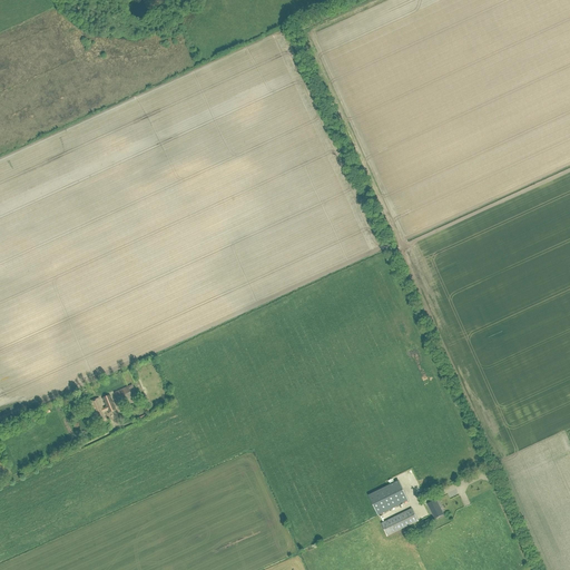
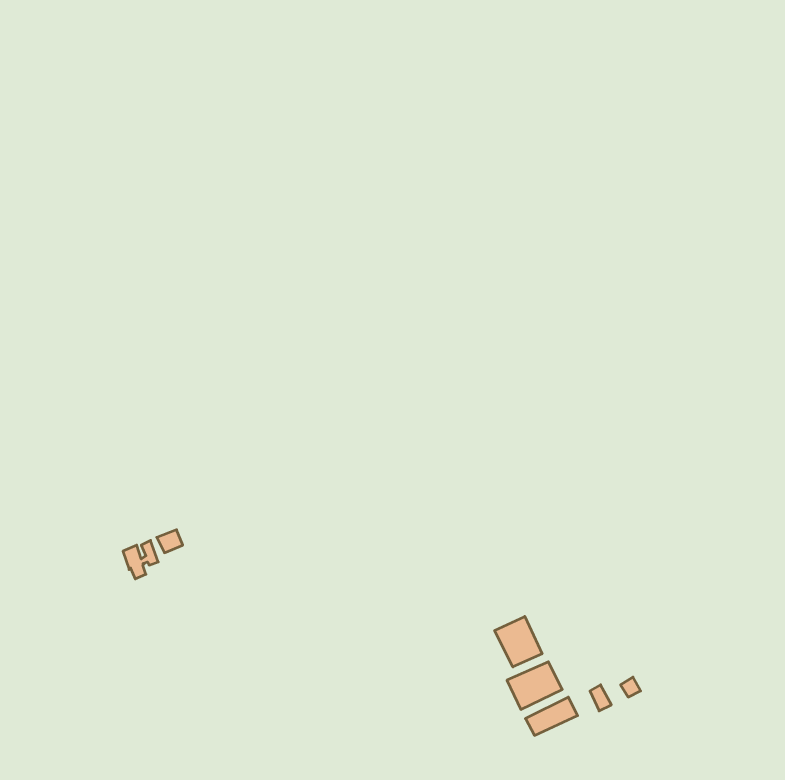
building: none -> [495,616,542,667]

